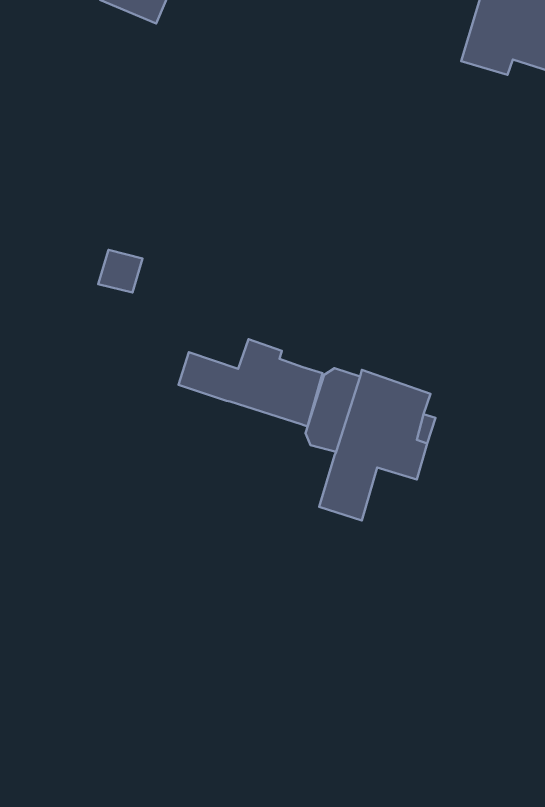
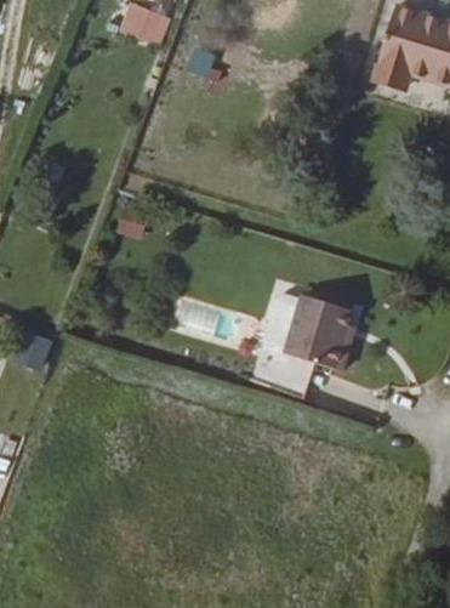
building: [178,339,323,427] -> none

